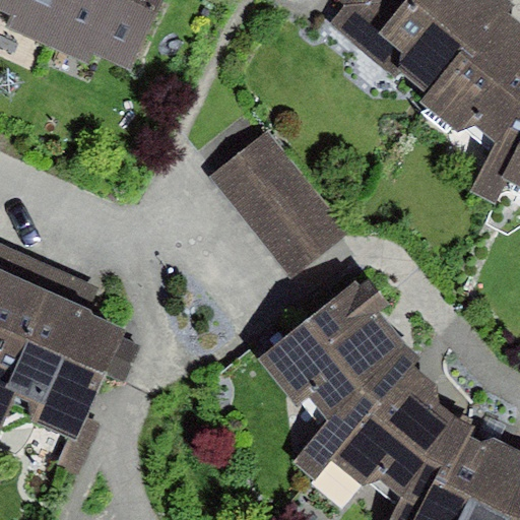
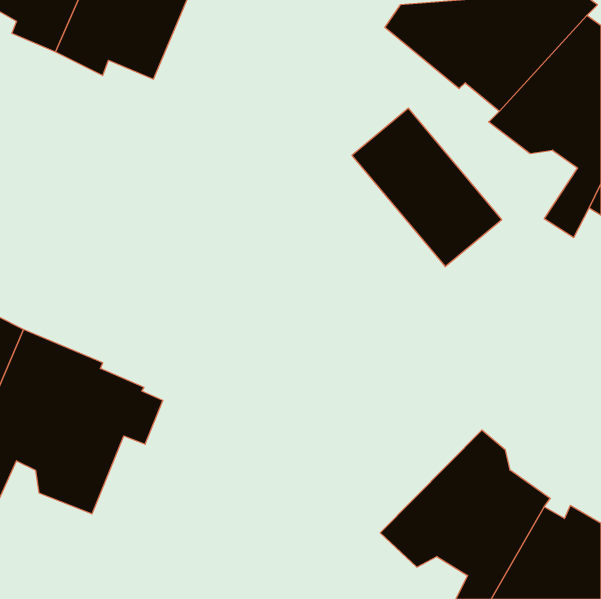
building: [219,139,348,275] -> [352,108,502,267]
building: [261,277,427,473] -> none

